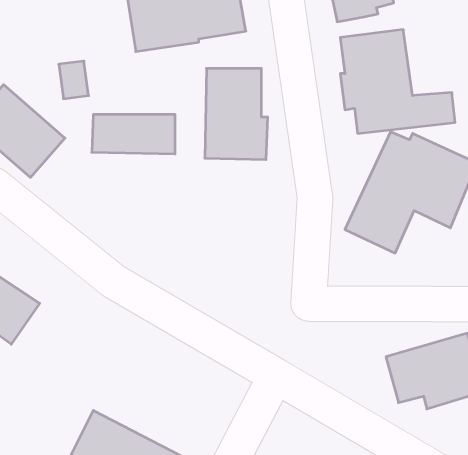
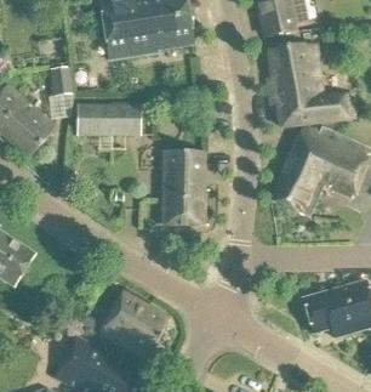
building: [205,68,268,160] -> [160,153,209,223]
building: none -> [101,289,171,360]

